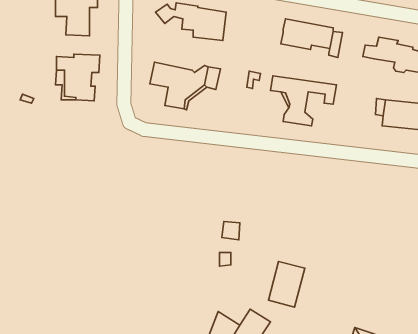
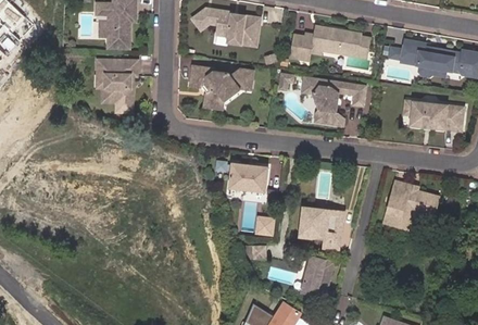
building: none -> [288,33,314,63]
building: none -> [216,161,267,192]
building: none -> [386,182,438,230]
building: none -> [299,208,344,250]

